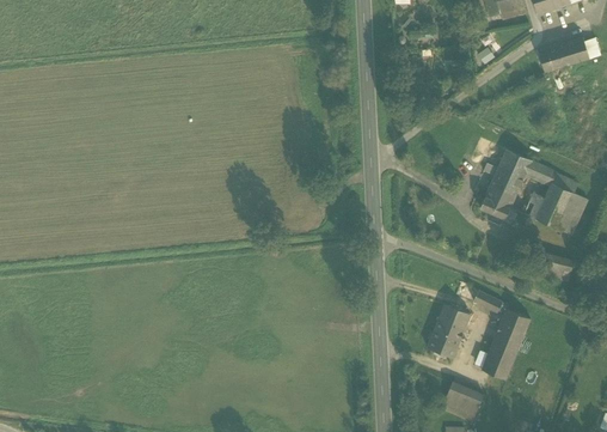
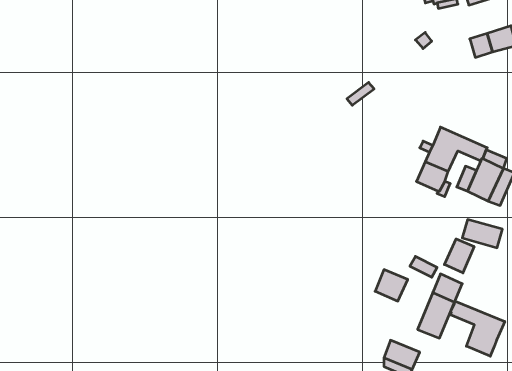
building: none -> [444,239,474,273]
building: [427,330,459,360] -> none
building: none -> [450,301,505,356]

